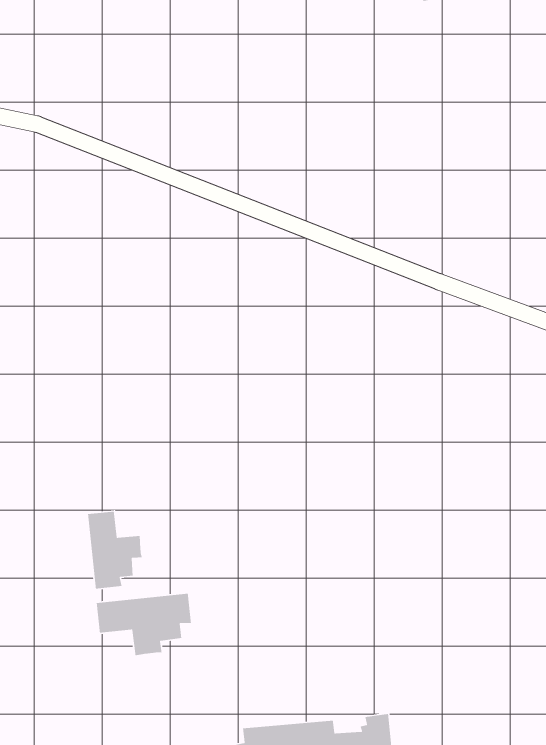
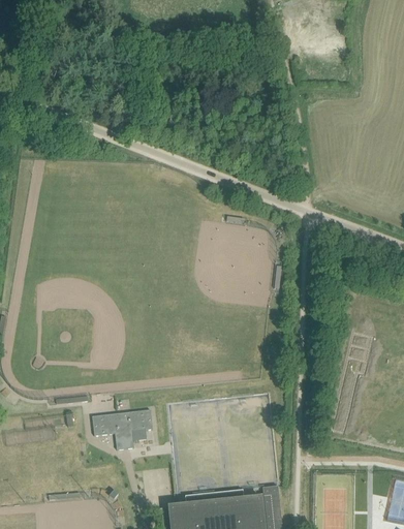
building: [87,511,143,589] -> none

